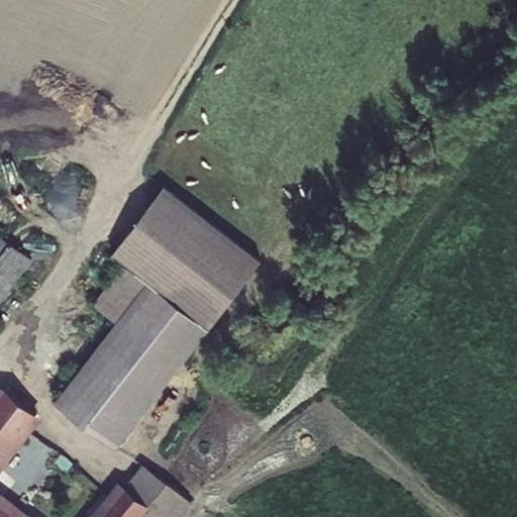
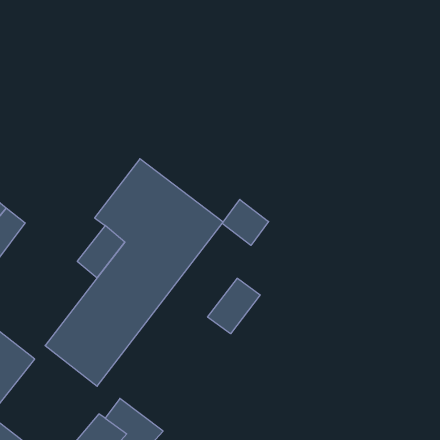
building: none -> [222,199,269,245]
building: none -> [208,278,260,334]

